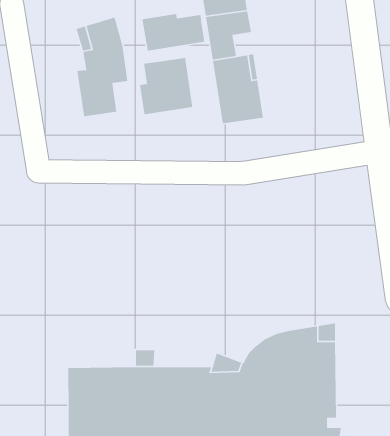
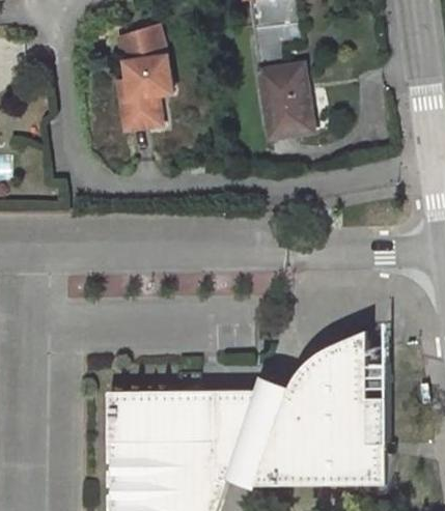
building: [141,13,205,52] -> none
building: [139,57,193,115] -> none

